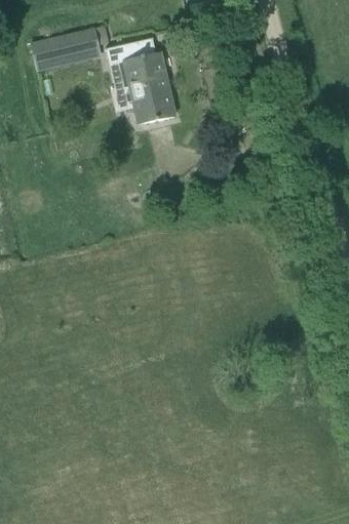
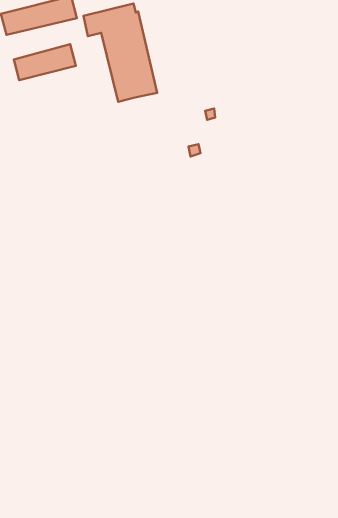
building: none -> [14,44,76,80]

